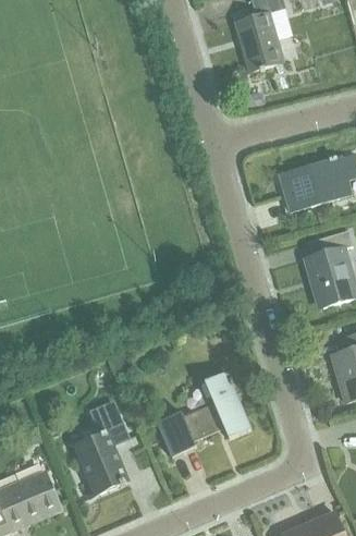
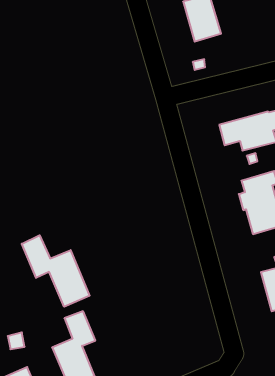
building: none -> [22,235,90,307]
building: [156,371,249,455] -> none

